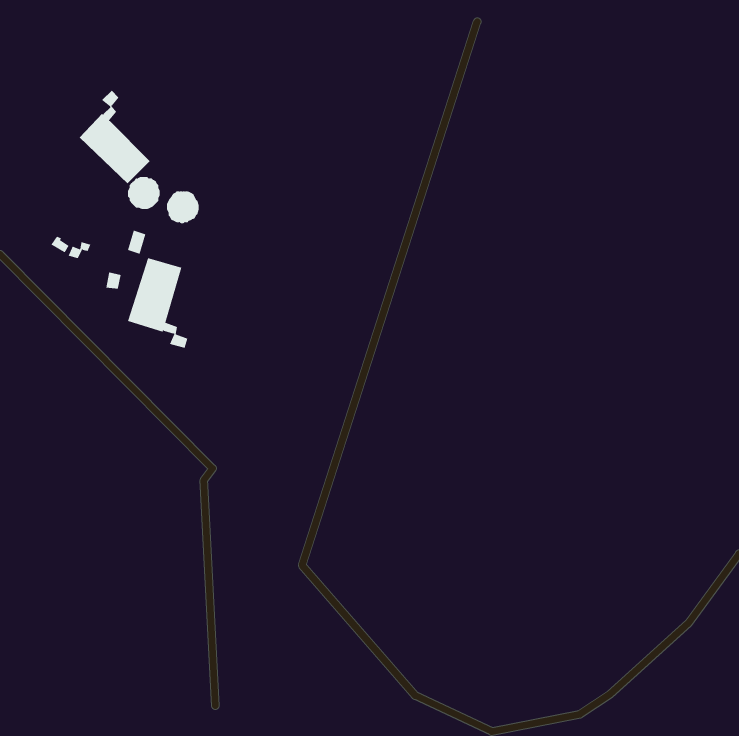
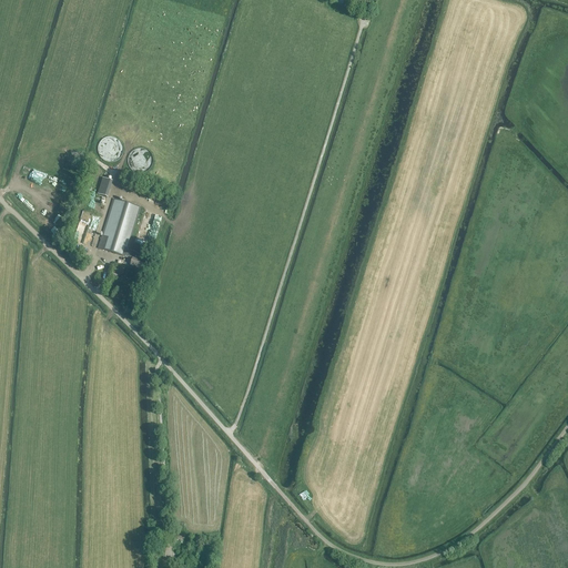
building: [79,90,150,184] -> none

